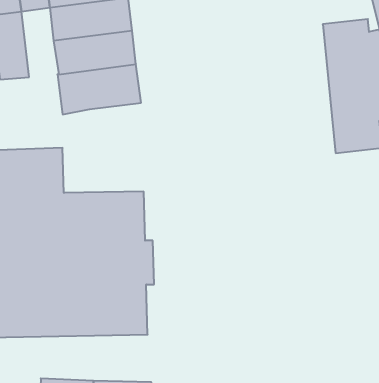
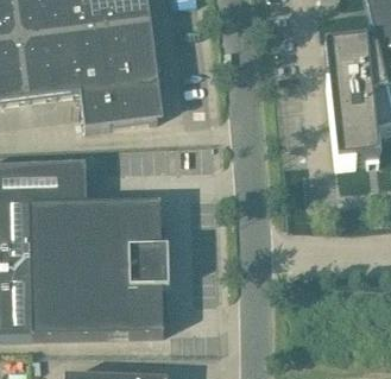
building: none -> [49,30,83,94]

